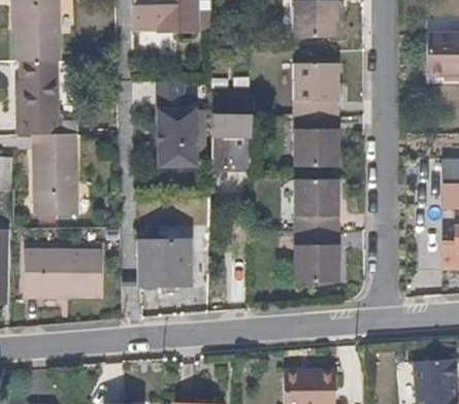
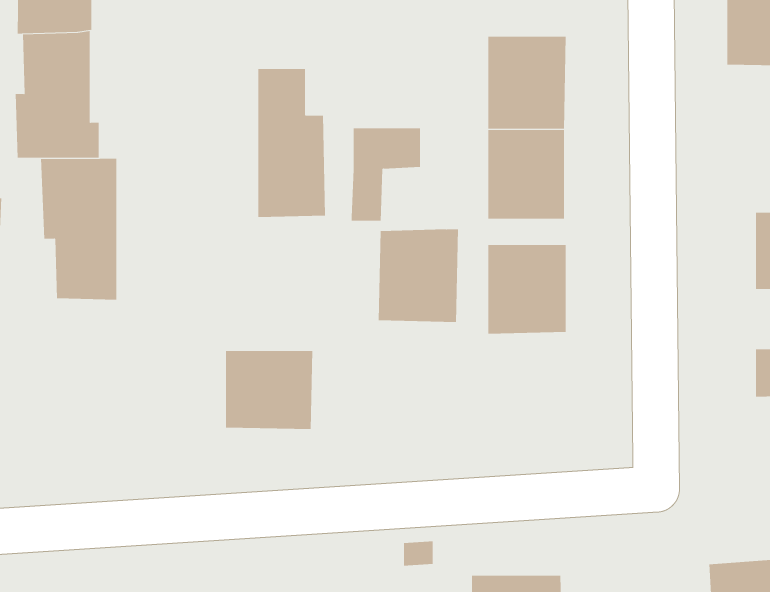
building: [290,232,336,285] -> [378,229,459,322]
building: [24,248,101,294] -> none

